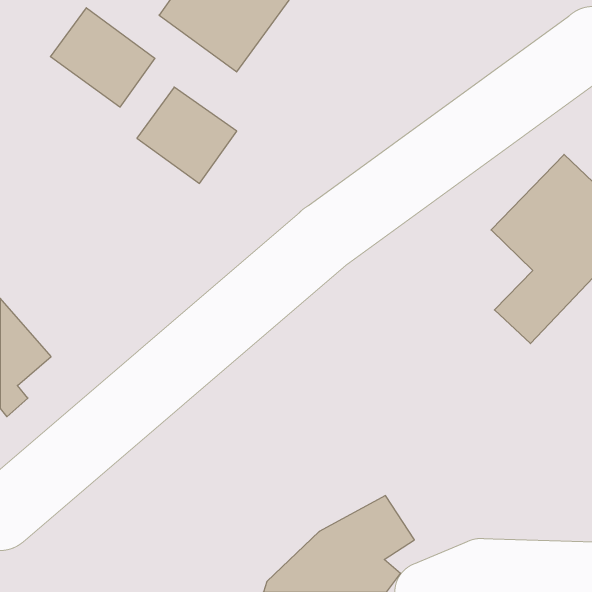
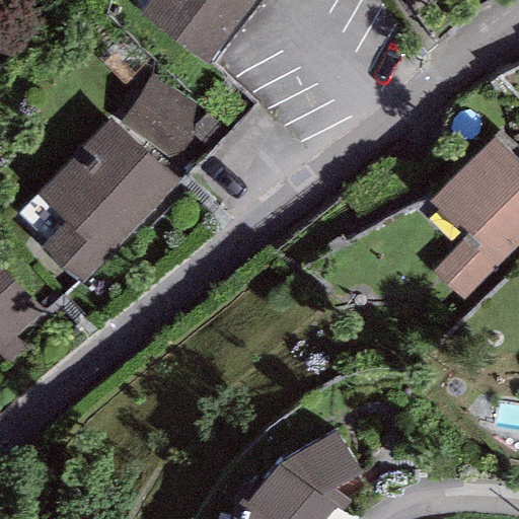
building: [50,8,155,107] -> none
building: none -> [38,117,178,284]

